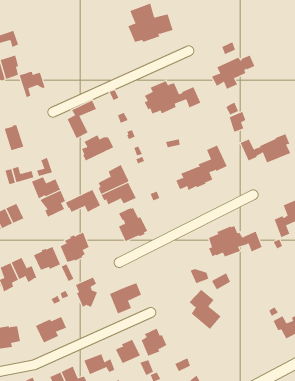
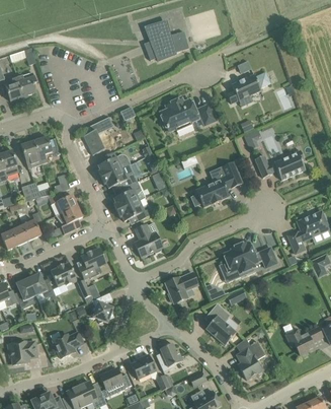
building: [19,70,46,98] -> [33,136,60,163]
building: [65,189,101,213] -> [101,164,137,188]
building: [109,283,142,314] -> [165,272,197,303]
building: none -> [236,341,264,380]

